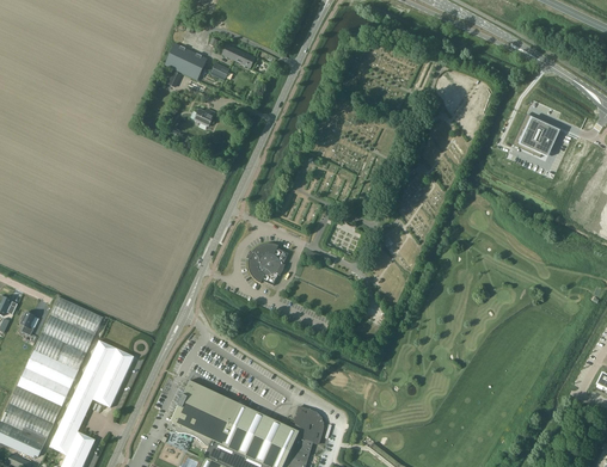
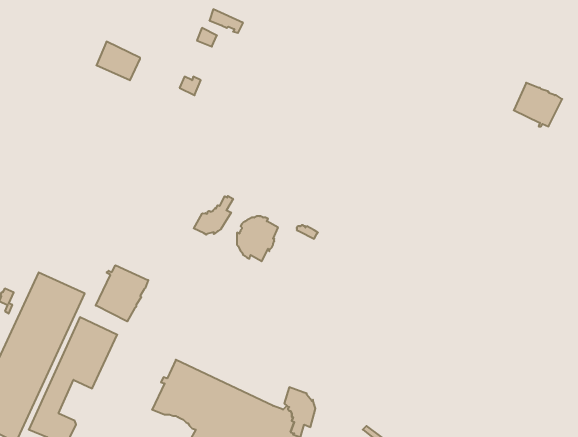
building: [165,43,207,80] -> [96,42,140,80]
building: none -> [194,196,233,235]
building: none -> [96,265,148,321]

